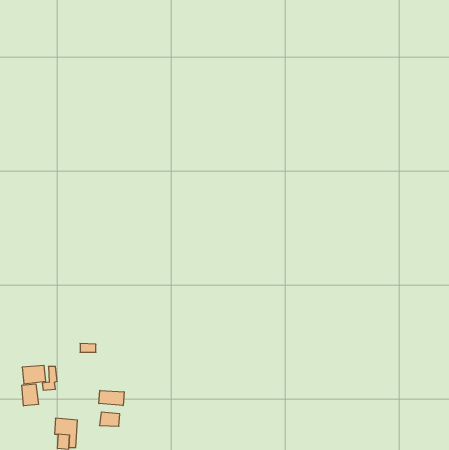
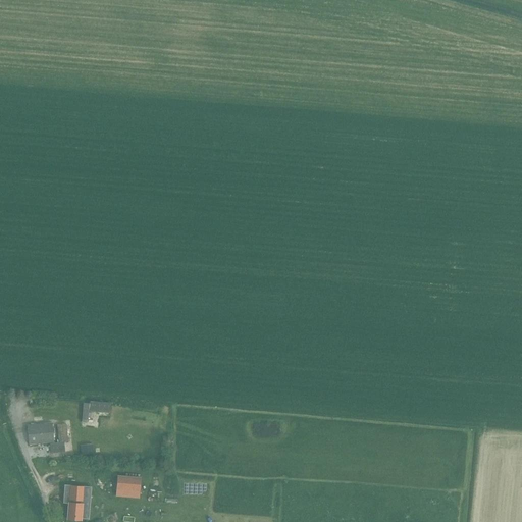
building: [22,384,38,406] -> none
building: [99,390,124,406] -> none

